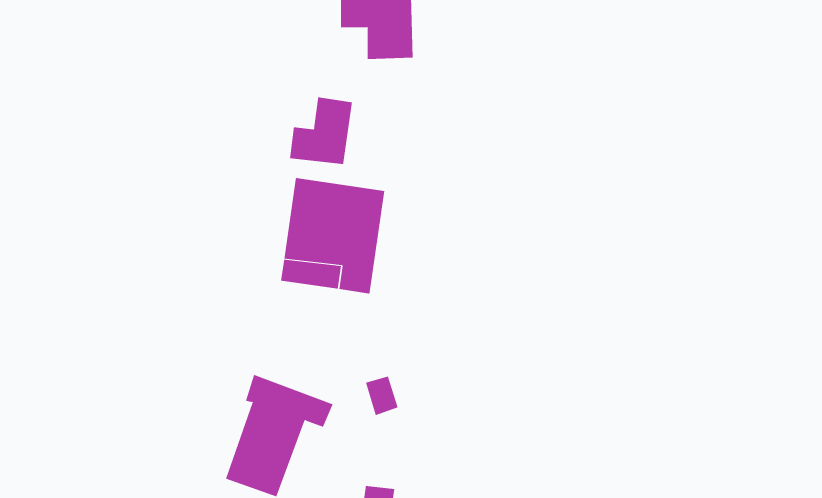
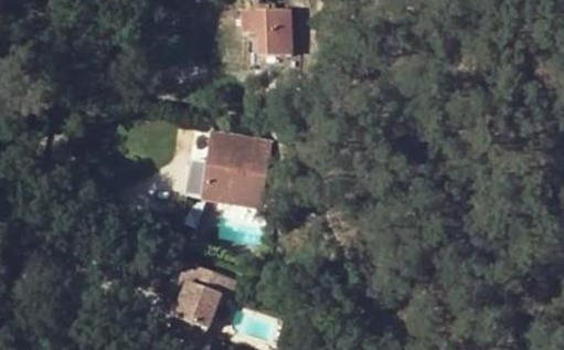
building: [290,96,353,165] -> none

